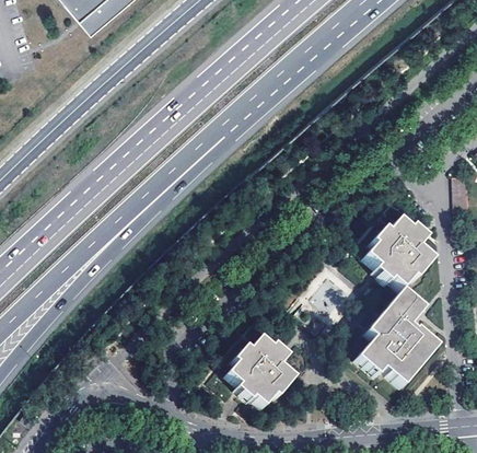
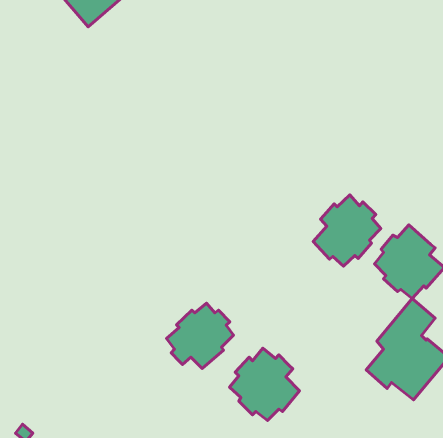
building: none -> [313,195,381,266]
building: none -> [166,303,234,368]

